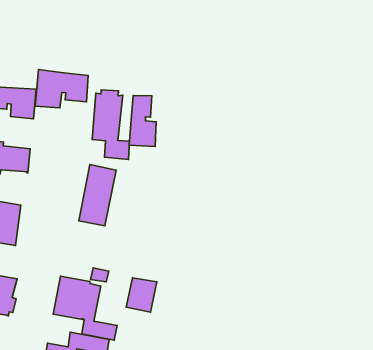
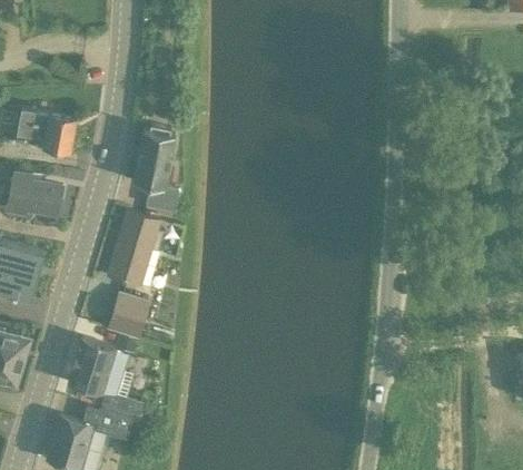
building: [35,70,88,108] -> none
building: [129,96,156,146] -> none
building: [126,278,157,312] -> [110,295,149,337]

